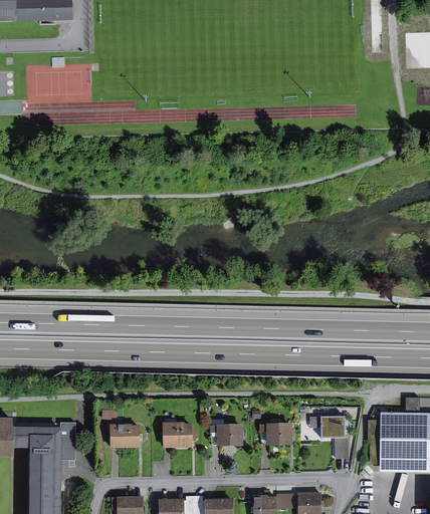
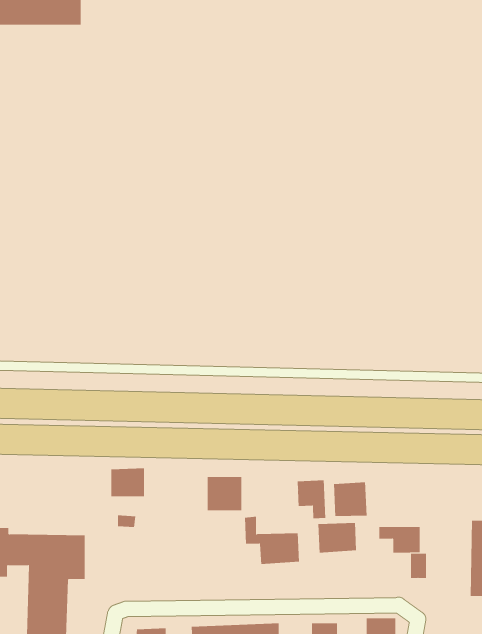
building: none -> [297,480,326,519]
building: none -> [333,482,367,517]
building: [165,421,193,448] -> [207,476,242,511]
building: [110,425,137,448] -> [110,468,145,497]

